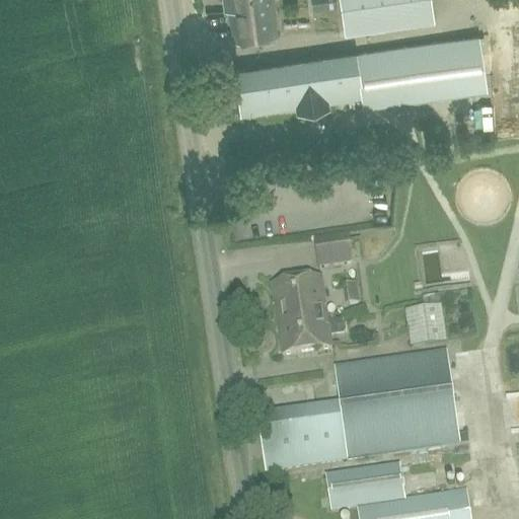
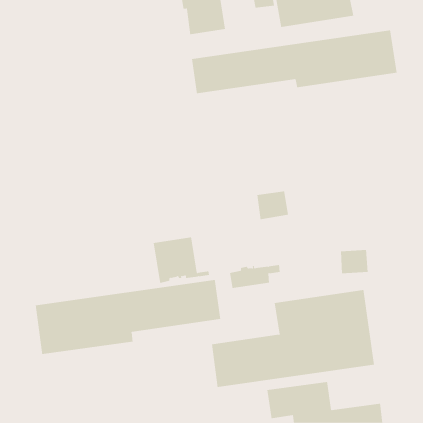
building: [273,277,343,333] -> [153,237,210,283]
building: none -> [35,279,221,355]

